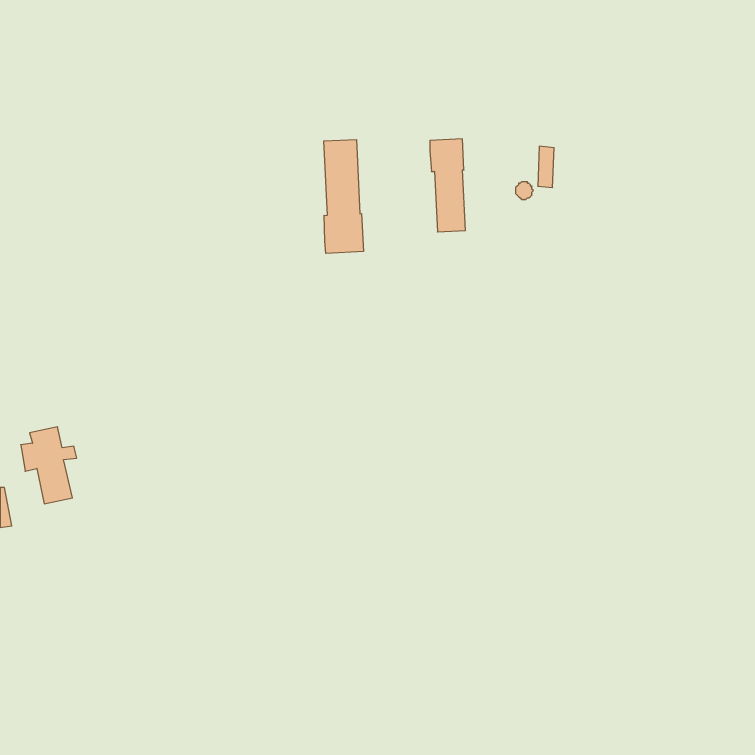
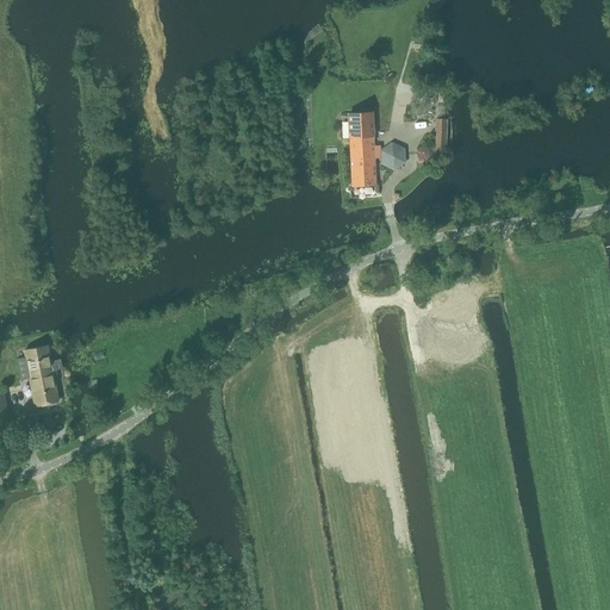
building: [324,140,363,253] -> none
building: none -> [381,142,405,172]

